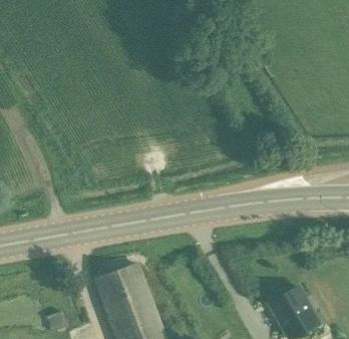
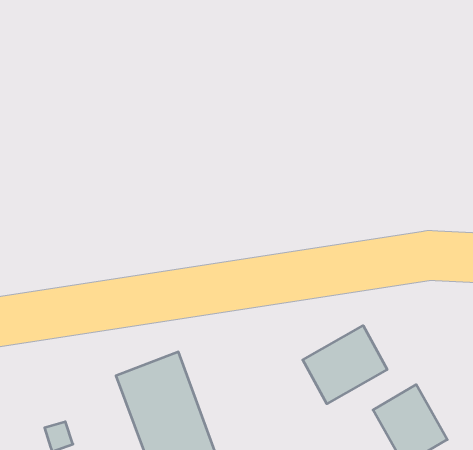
building: none -> [303,326,387,404]

